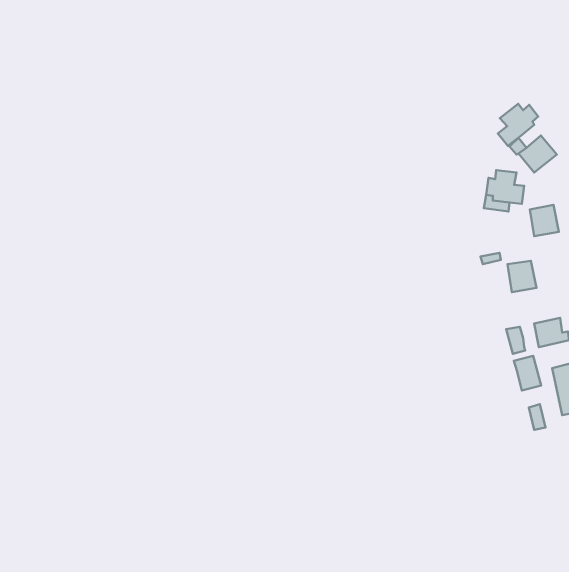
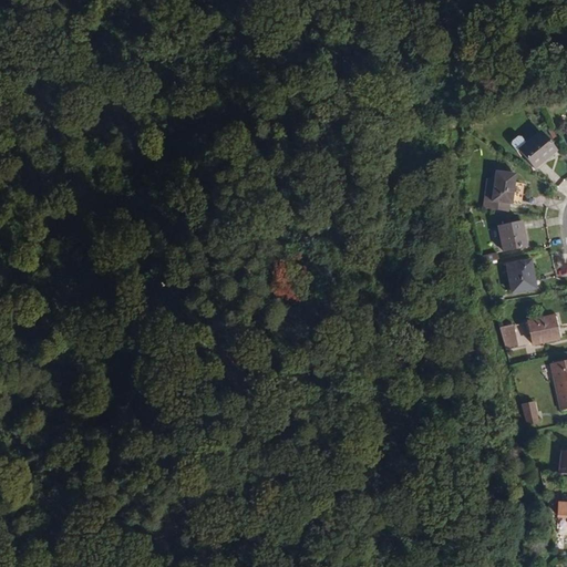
building: [498,104,538,146] -> none
building: [530,205,559,236] -> [496,218,525,249]
building: [514,356,541,390] -> none

